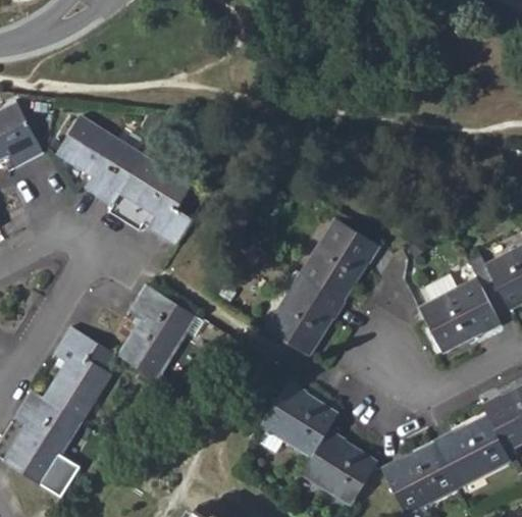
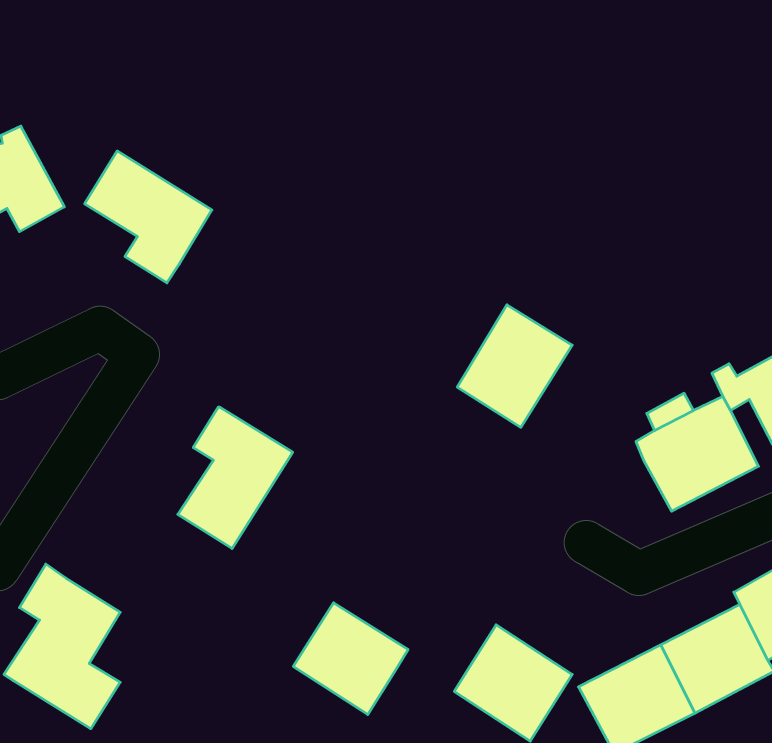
building: [119,156,191,245] -> none
building: [266,272,344,356] -> none
building: [45,327,115,420] -> none
building: [261,382,336,456] -> [293,603,408,715]

